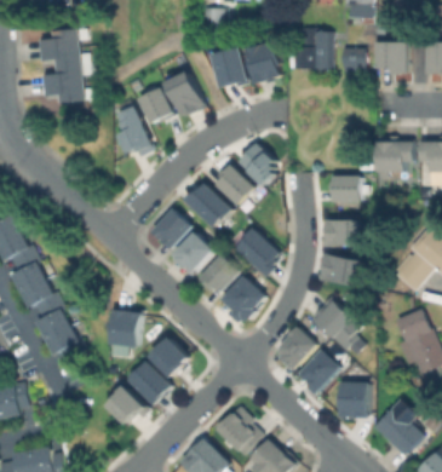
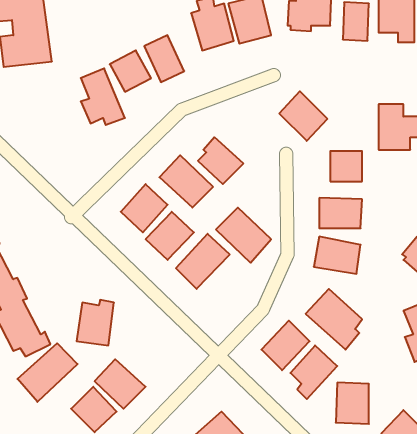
building: [237,142,280,185] -> [279,91,327,141]
building: [218,275,265,322] -> none
building: [149,336,189,376] -> none
building: none -> [17,343,78,402]

